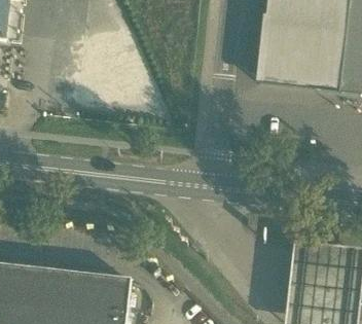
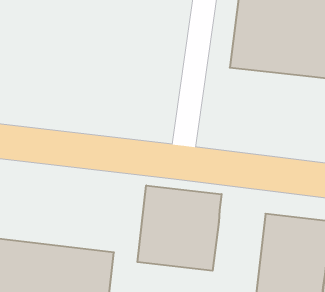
building: none -> [137,185,222,271]

